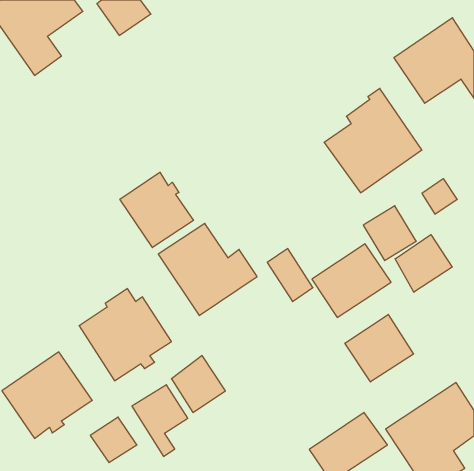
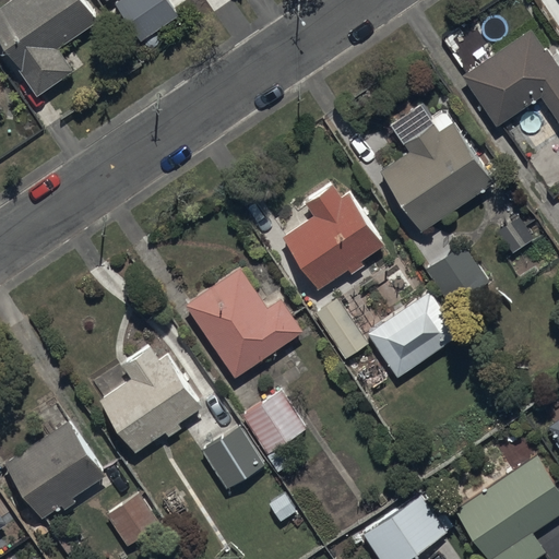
building: none -> [282,185,384,289]
building: [120,172,193,248] -> none
building: [395,235,452,292] -> none
building: [345,314,414,382] -> none
building: [132,385,188,456] -> [240,390,306,474]

